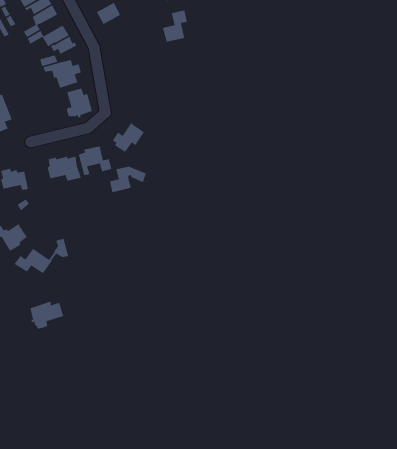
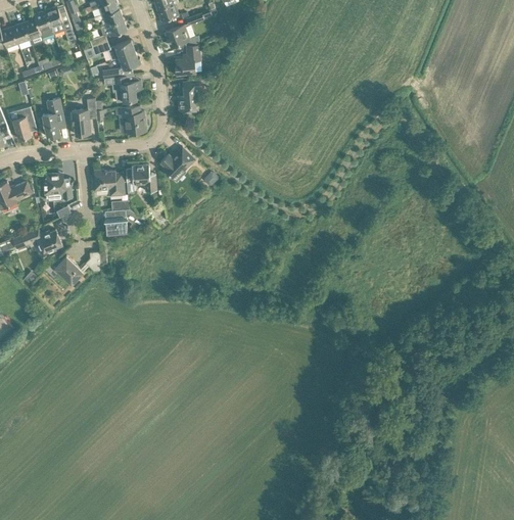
building: [162,10,188,42] -> [175,44,201,74]
building: none -> [179,80,200,110]
building: none -> [72,97,97,134]
building: [107,166,147,193] -> [104,208,145,233]
building: [29,301,64,330] -> none

